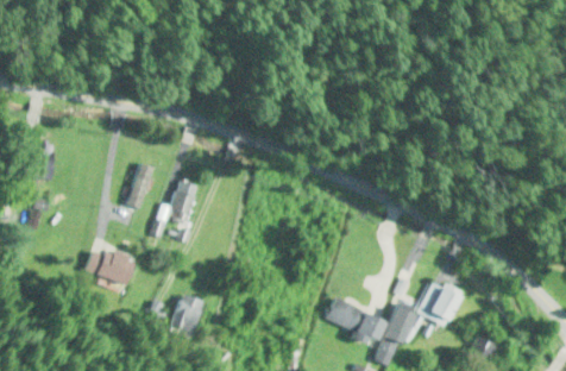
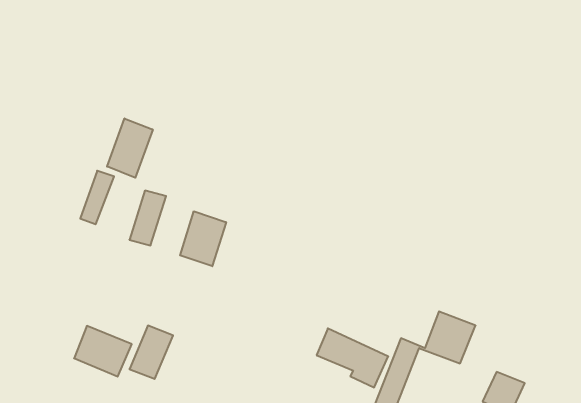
building: none -> [107,118,153,178]
building: none -> [180,211,226,266]
building: [82,250,131,293] -> [74,326,132,377]

